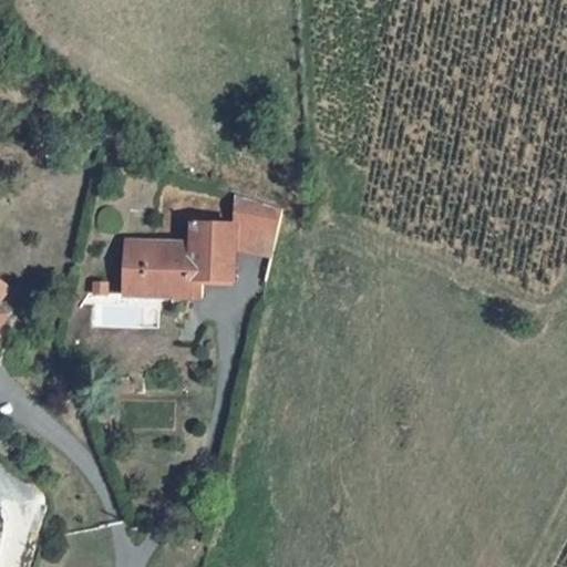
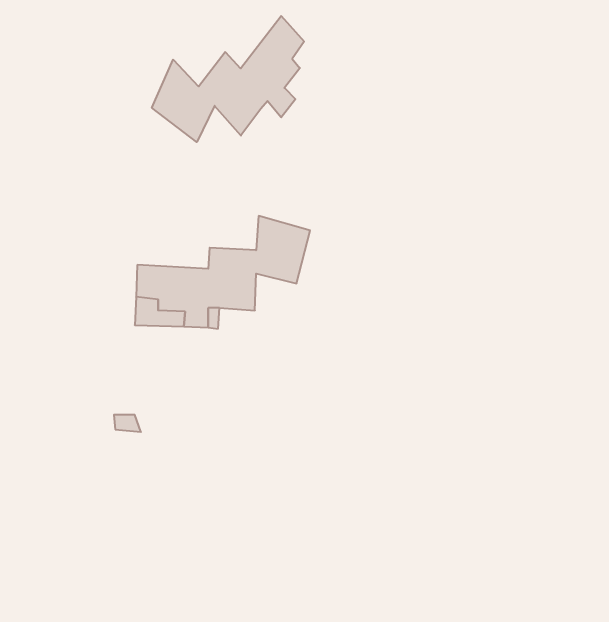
building: none -> [152,16,304,142]

